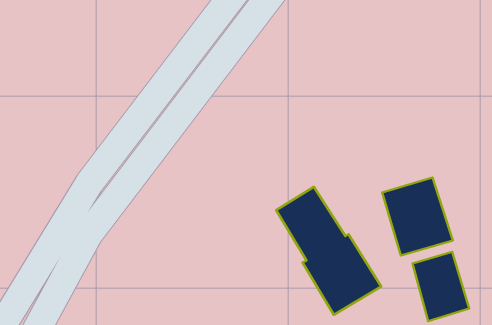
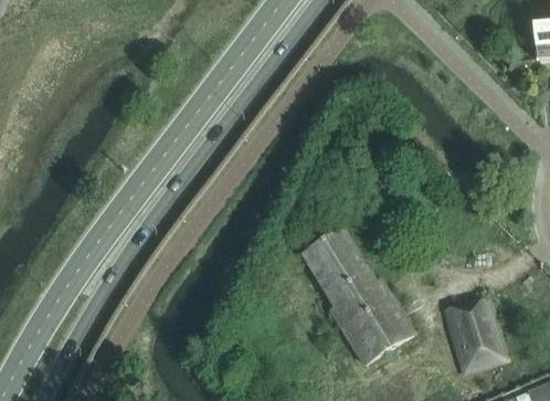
building: [382,177,453,255] -> none

